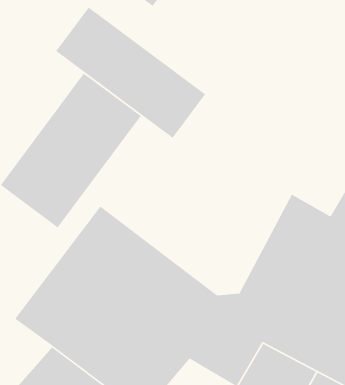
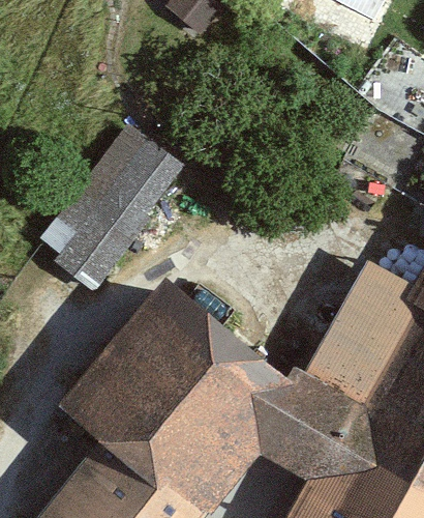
building: [55,6,206,139] -> none

